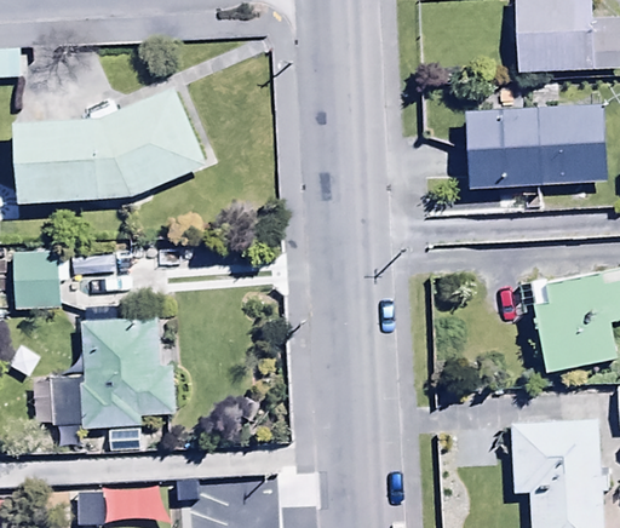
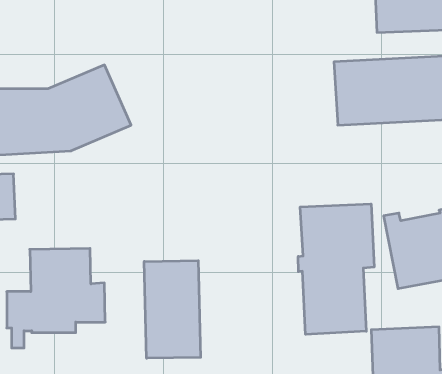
building: none -> [298,204,374,334]
building: none -> [144,261,201,358]

